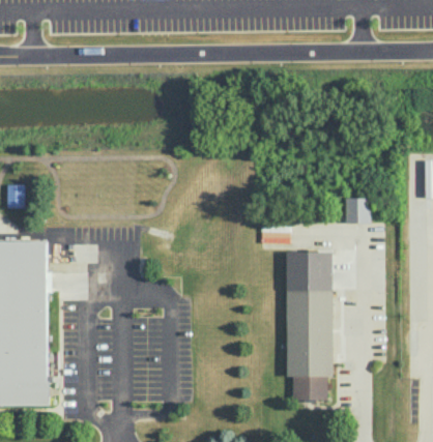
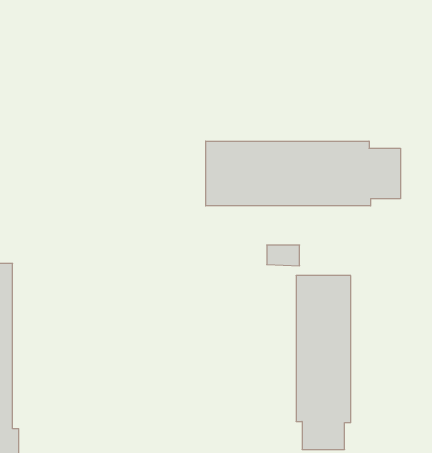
building: none -> [206,141,400,206]
building: [346,198,371,224] -> none

